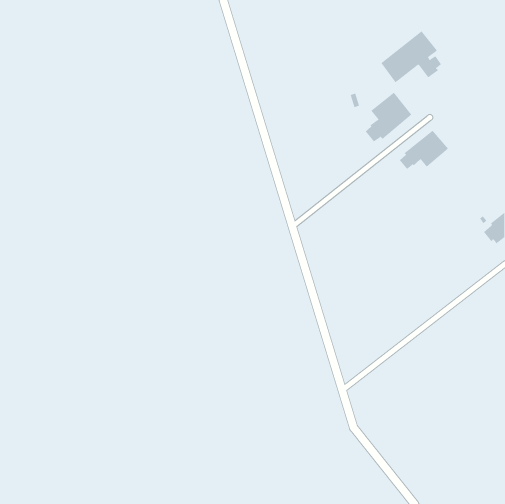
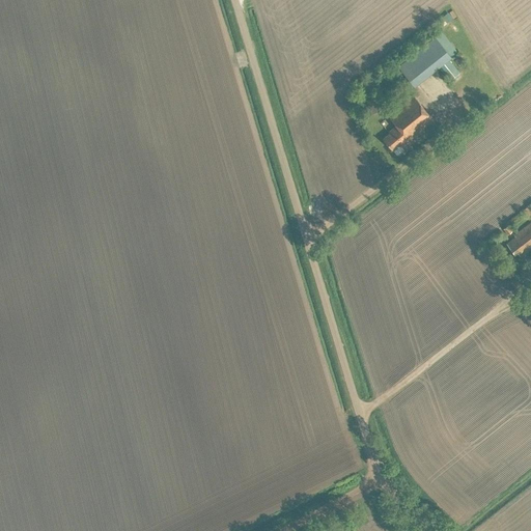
building: [399,130,449,170] -> none

